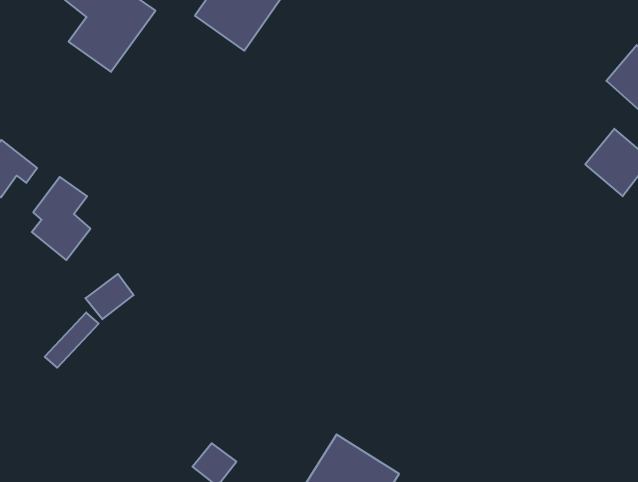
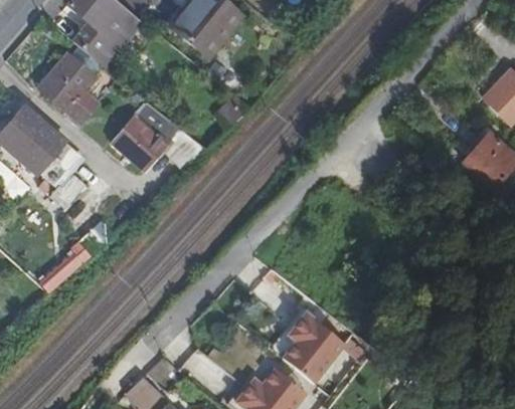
building: none -> [34,57,88,121]
building: none -> [121,117,181,180]
building: none -> [271,306,346,381]

